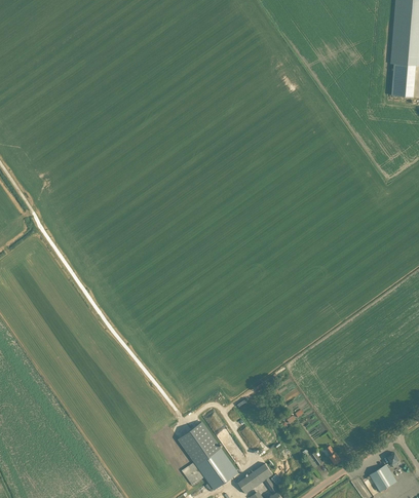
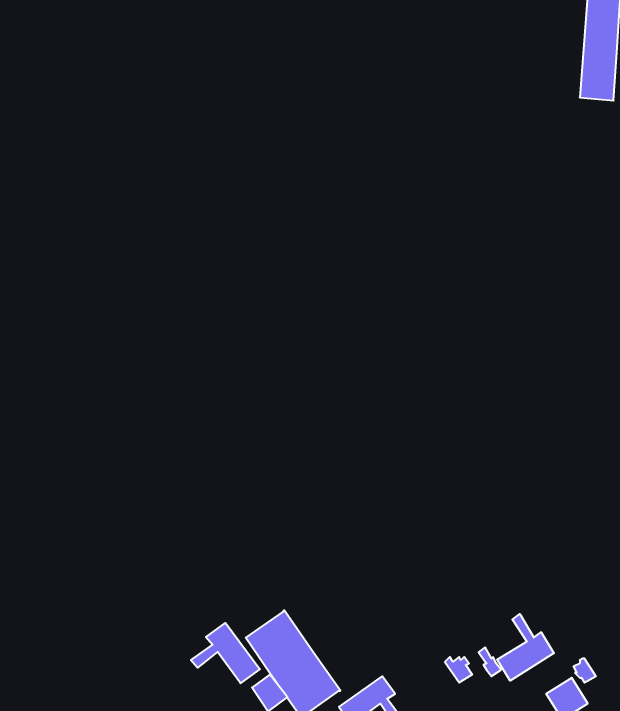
building: none -> [497,614,554,681]
building: none -> [191,623,260,683]

